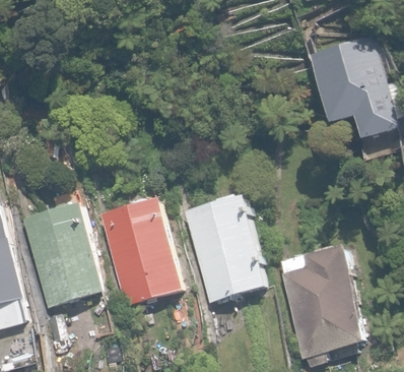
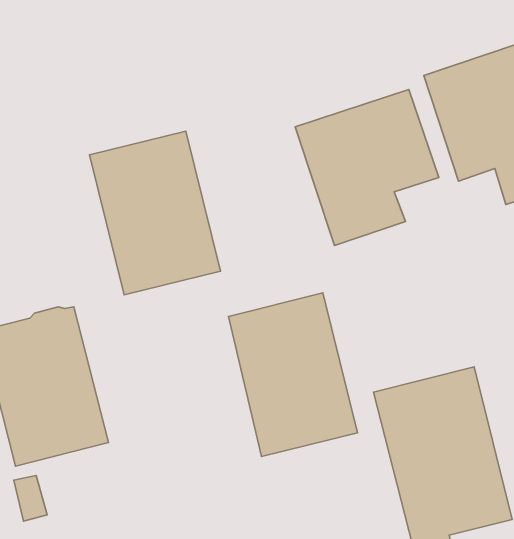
building: none -> [295,89,439,245]
building: [100,199,185,305] -> [90,131,220,295]

